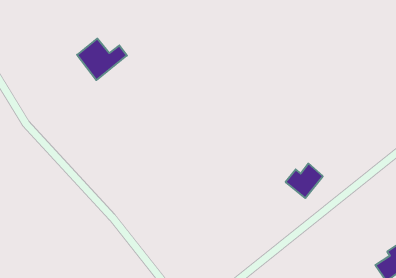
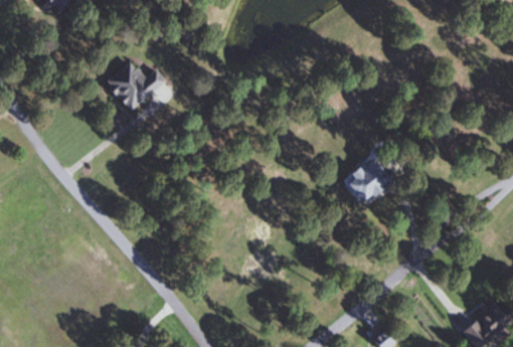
building: [286,164,323,198] -> [347,162,391,203]

